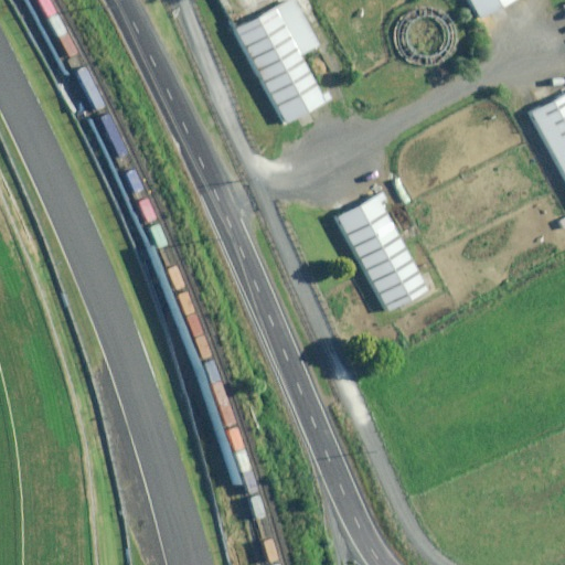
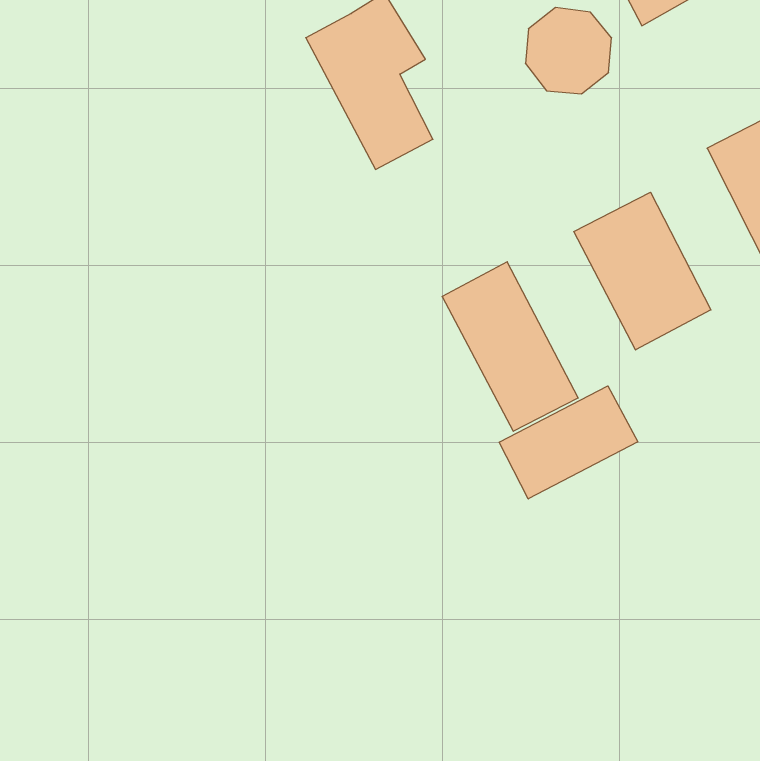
building: none -> [574,192,711,350]
building: none -> [499,386,638,499]

